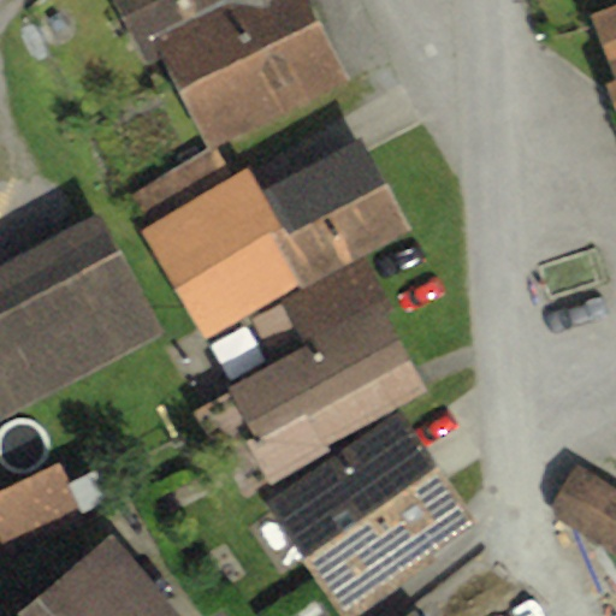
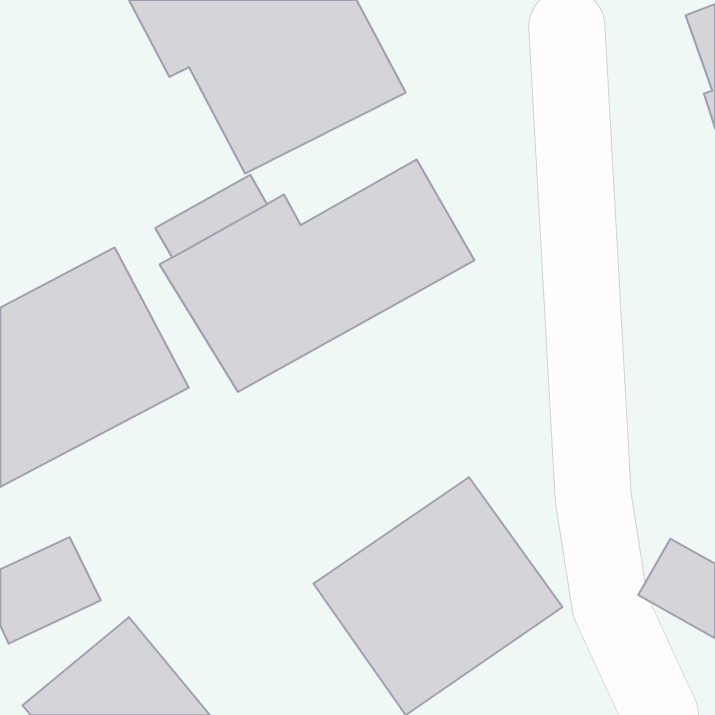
building: [197,267,430,499] -> none

